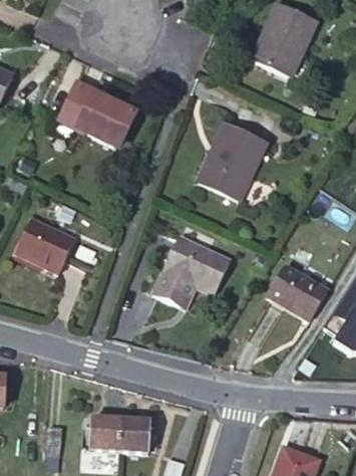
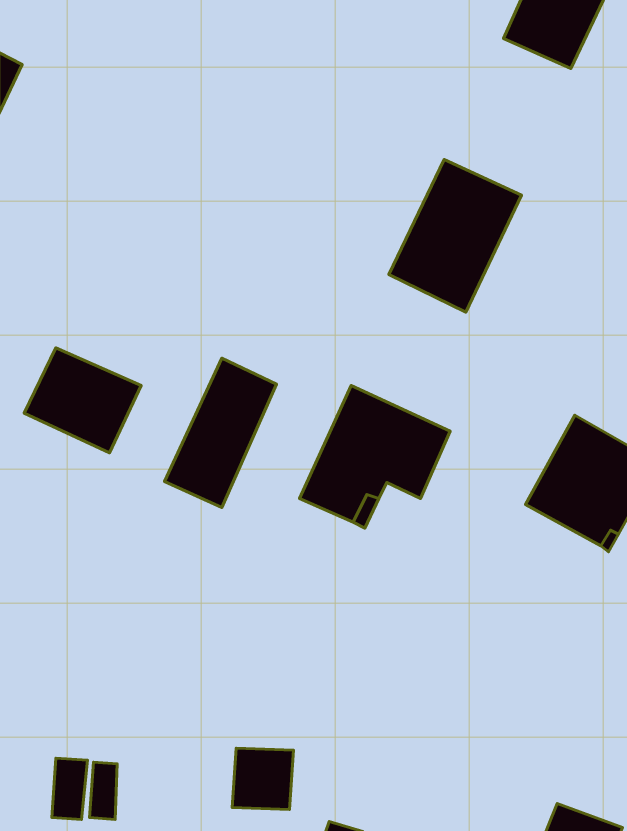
building: [60,84,129,143] -> none
building: none -> [165,358,277,507]
building: [87,419,120,451] -> none

